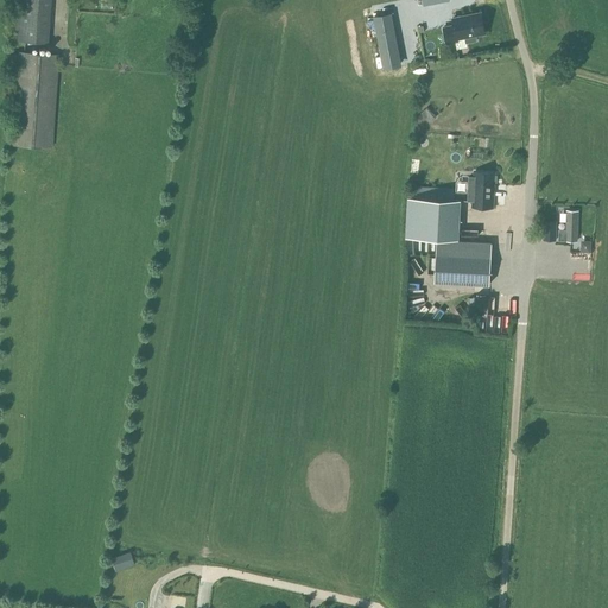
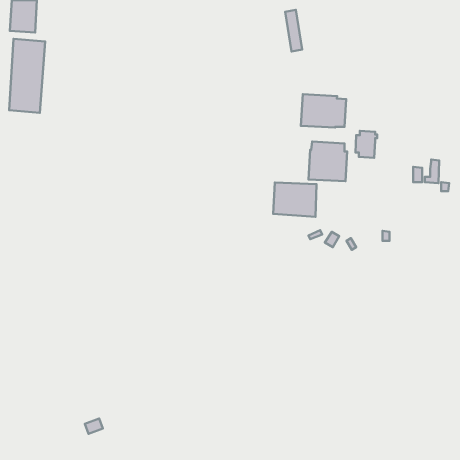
building: [445,14,486,50] -> none
building: none -> [301,94,346,127]
building: [436,241,493,286] -> [273,182,316,217]

